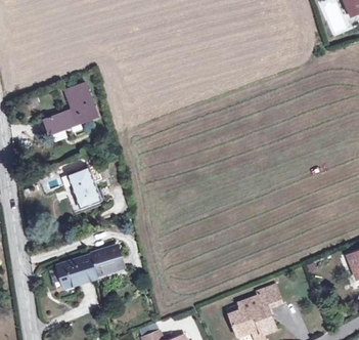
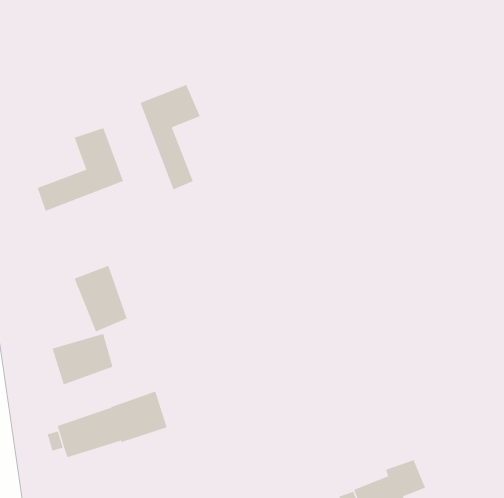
building: none -> [140,84,200,190]
building: none -> [52,333,113,385]

